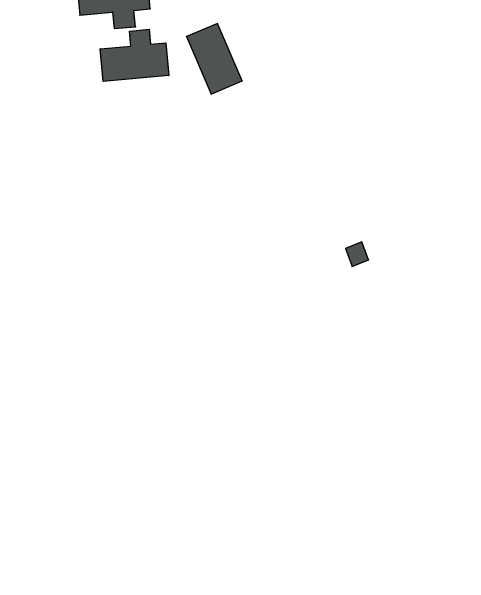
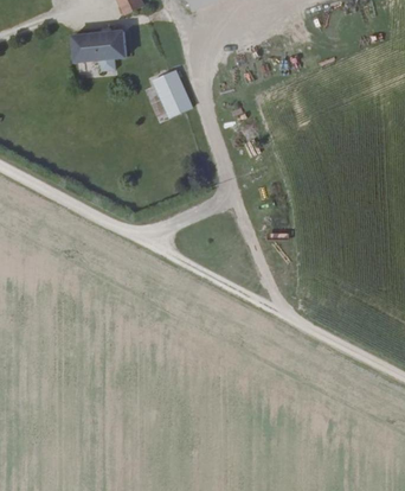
building: [100,29,169,81] -> none

